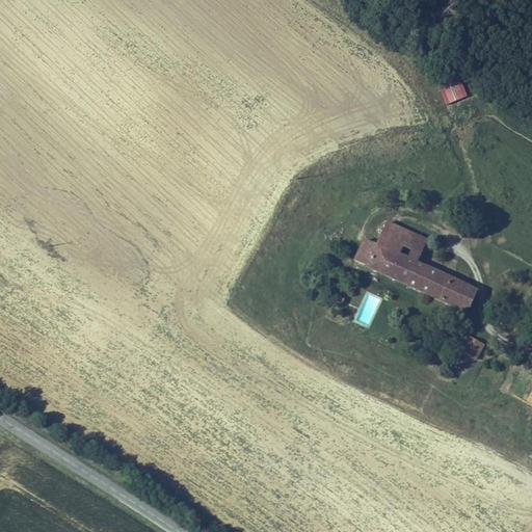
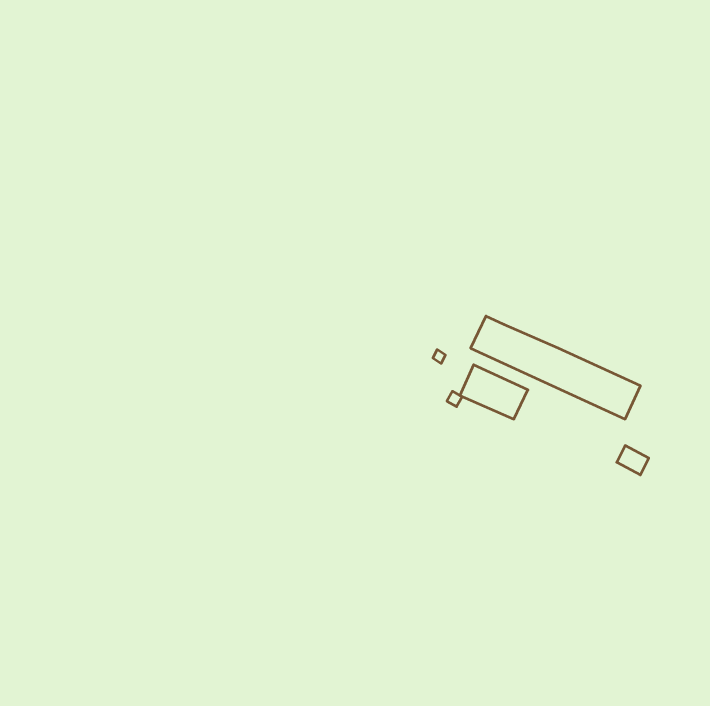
building: [442,77,468,102] -> none
building: [377,219,428,260] -> [460,365,528,419]

